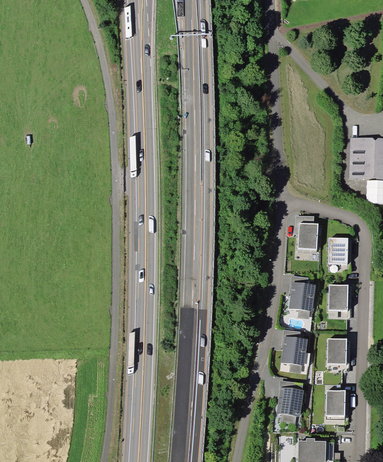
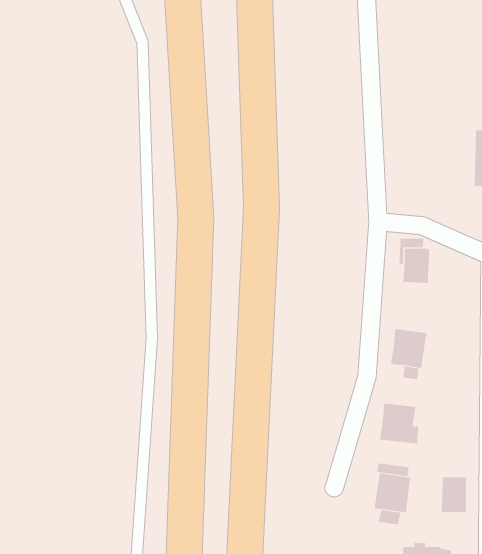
building: [328,238,347,263] -> none
building: [328,285,347,310] -> none
building: [326,338,346,364] -> none

